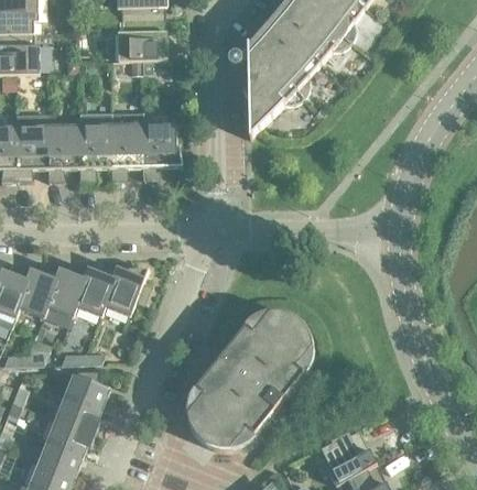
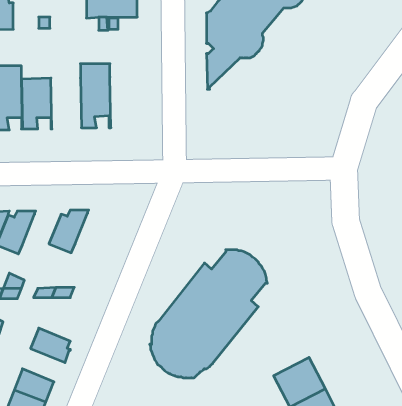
building: [141,124,181,181] -> none
building: [77,127,110,182] -> none
building: [104,269,150,316] -> none
building: [46,270,89,317] -> none
building: [64,371,107,412] -> none
building: [46,420,93,456] -> none

